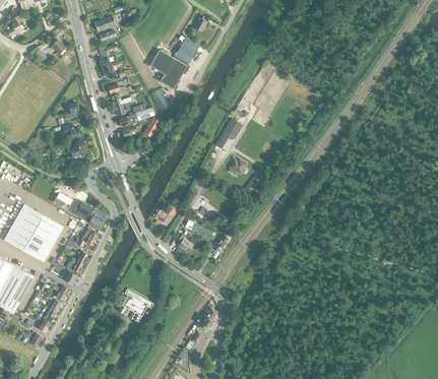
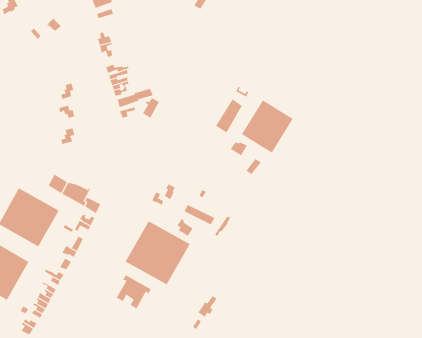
building: [148,36,199,86] -> none
building: none -> [241,99,293,154]
building: none -> [125,220,191,285]

